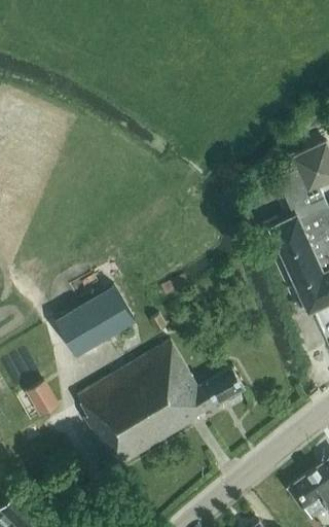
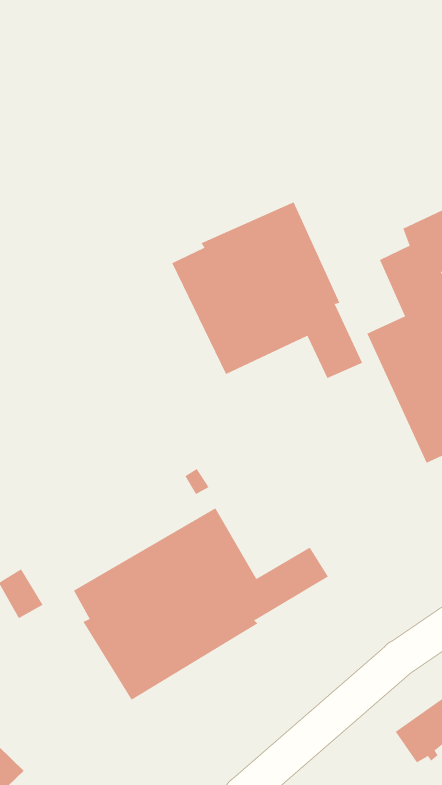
building: none -> [172,201,363,379]
building: [56,285,134,357] -> none

